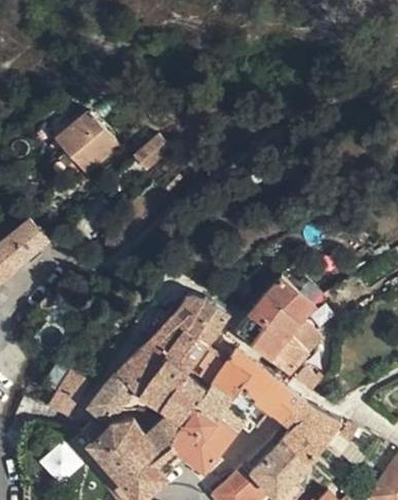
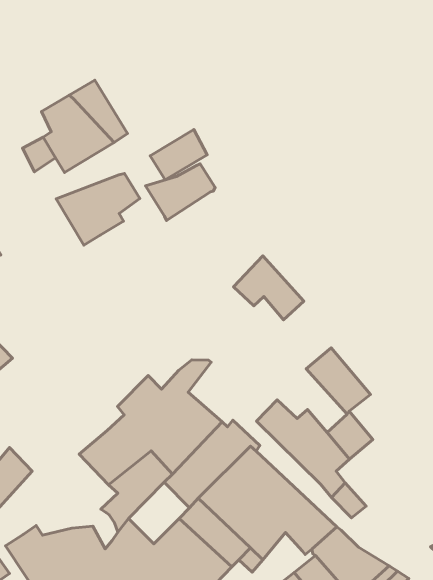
building: none -> [146,164,215,220]
building: none -> [56,173,140,245]
building: [248,294,297,336] -> [234,256,304,320]
building: [187,298,228,337] -> none
building: [89,371,147,417] -> none
building: [156,383,197,426] -> none

